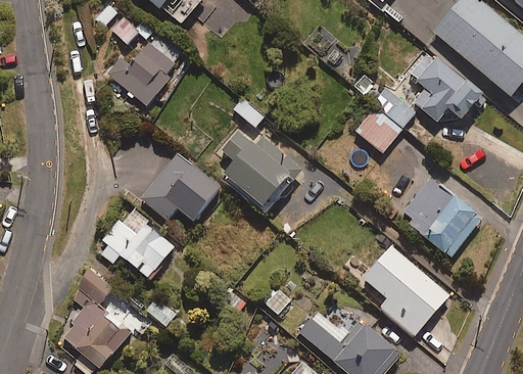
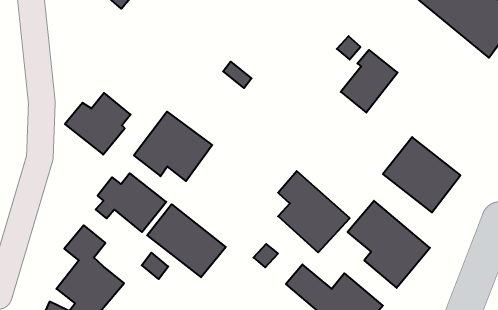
building: [107,42,176,106] -> [65,93,131,155]
building: [411,51,481,122] -> none
building: [222,127,296,212] -> [278,171,350,252]
building: none -> [147,204,226,277]

